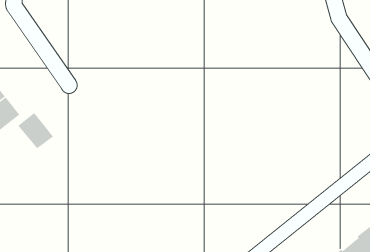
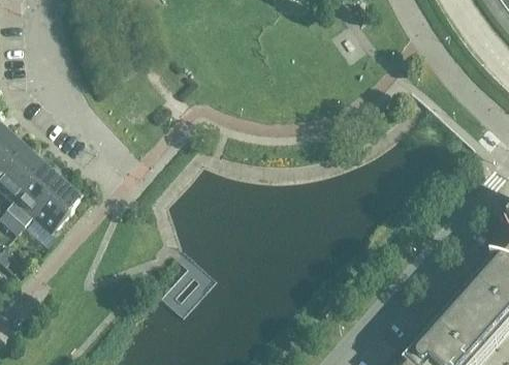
building: [18,112,54,149] -> none

